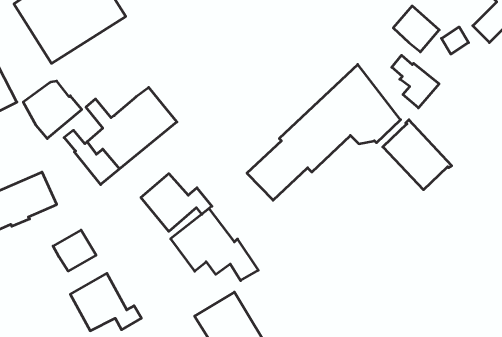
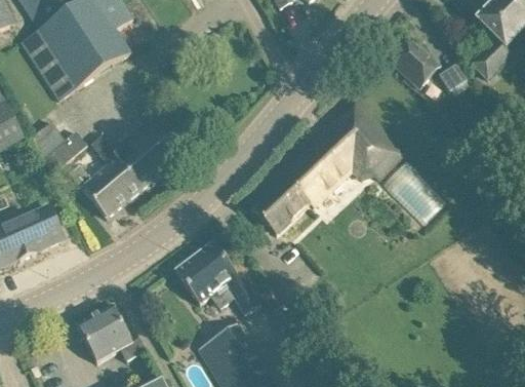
building: [392,55,439,108] -> none
building: [141,174,212,231] -> none
building: [53,230,96,271] -> none

